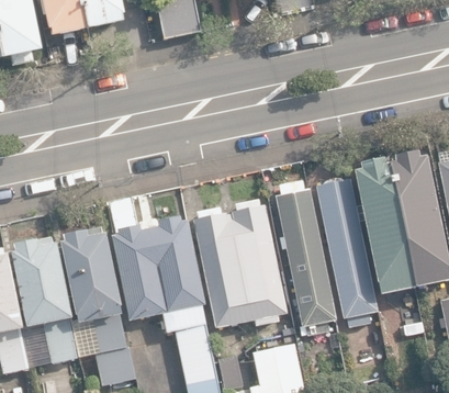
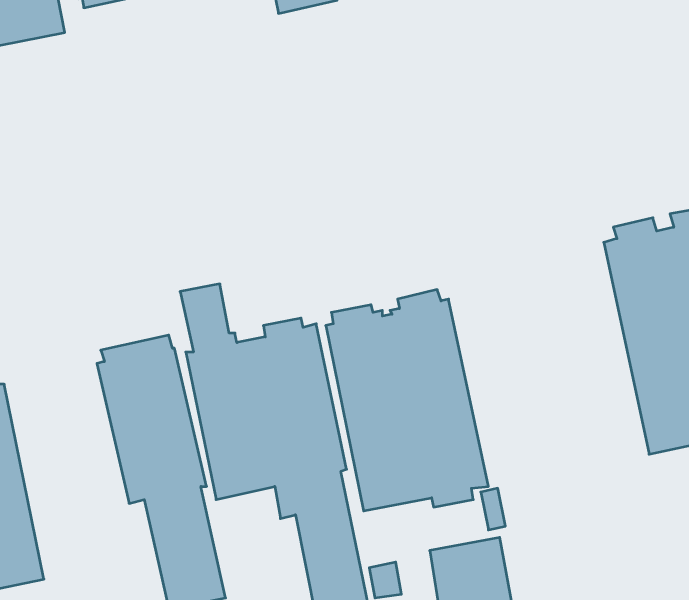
building: [276,178,337,334] -> none
building: [316,178,377,326] -> none
building: [11,239,78,363] -> none

